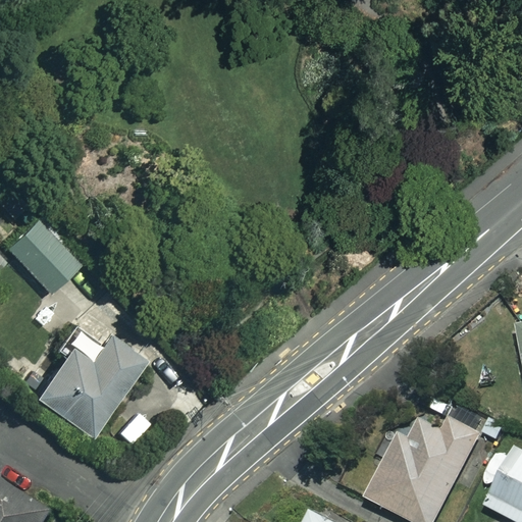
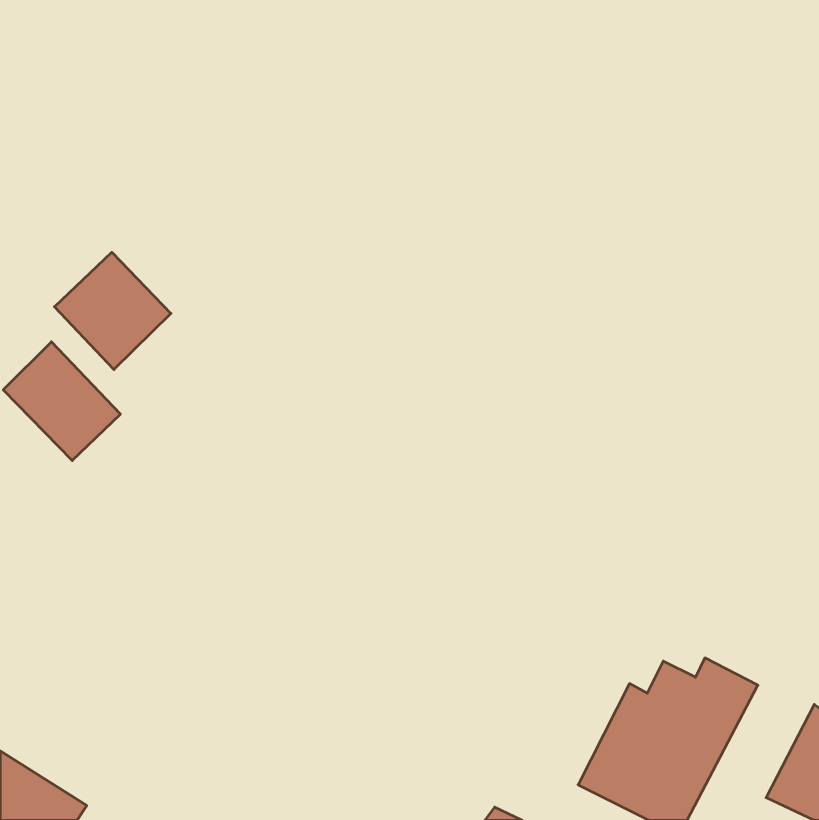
building: none -> [54,252,171,370]
building: [31,314,143,436] -> none

